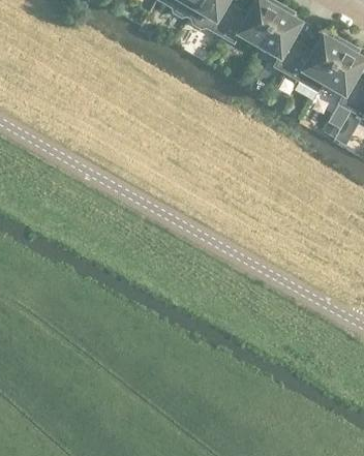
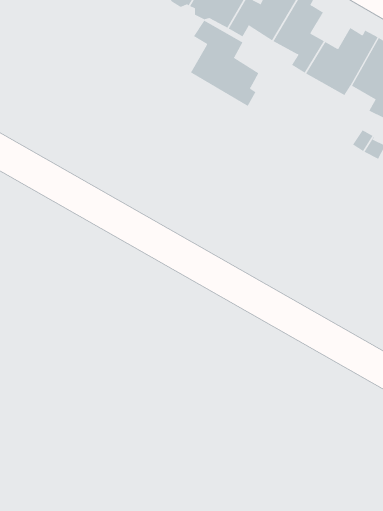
building: none -> [190,20,259,107]

